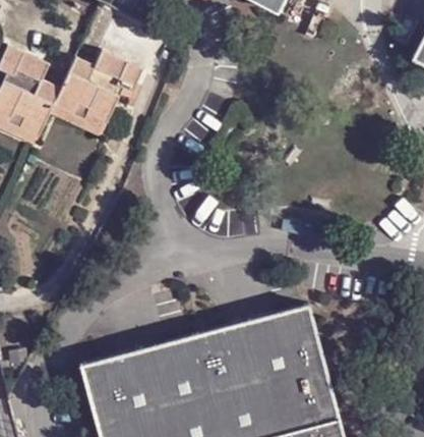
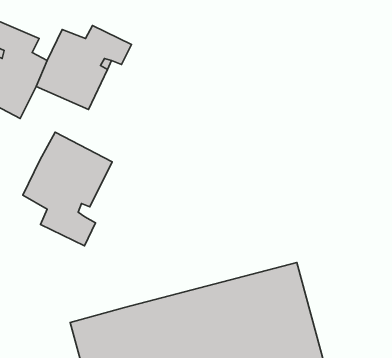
building: none -> [23,132,112,246]

